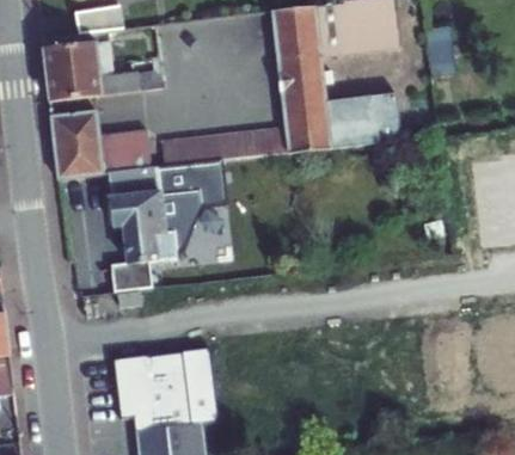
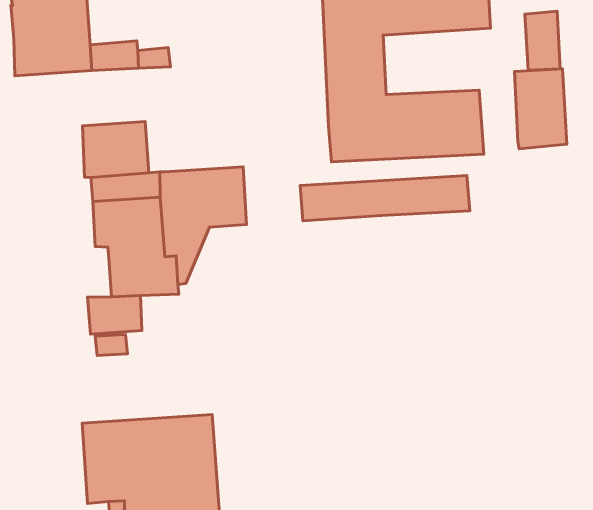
building: none -> [515,69,567,149]
building: [50,111,103,180] -> none
building: [159,127,287,167] -> [300,176,470,221]

